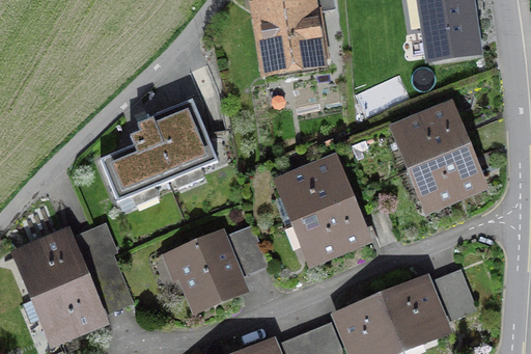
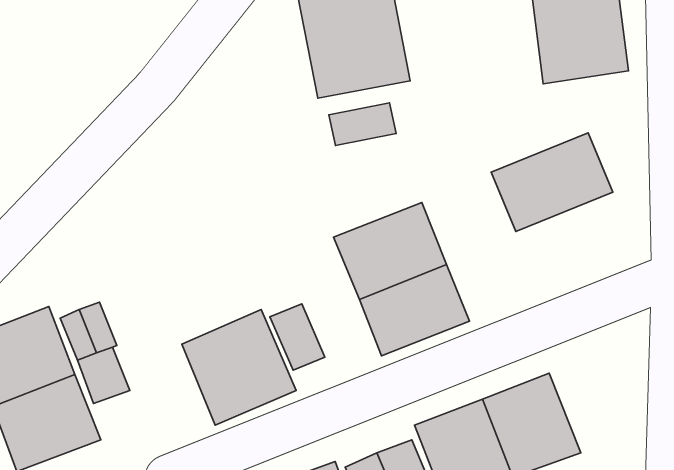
building: none -> [329,103,396,145]
building: [104,97,224,199] -> none
building: [403,145,491,218] -> none
building: [435,270,474,319] -> none

